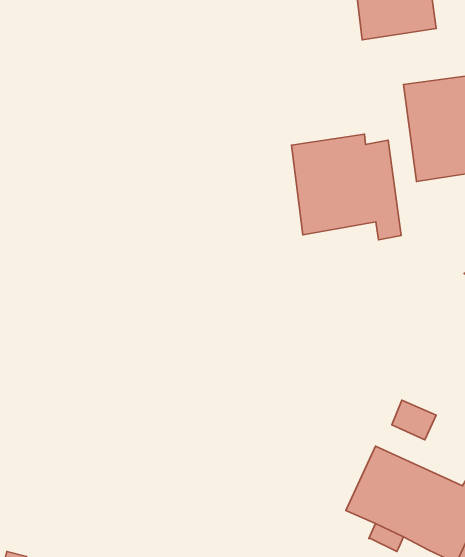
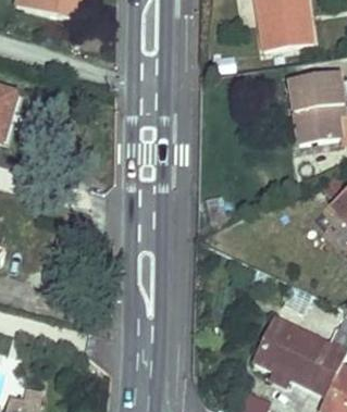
building: [291,134,401,240] -> none

